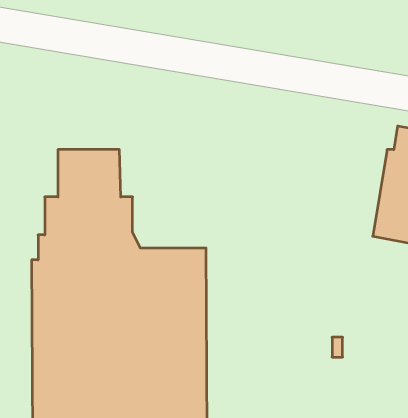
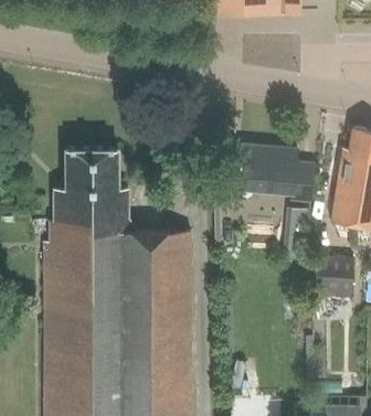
building: none -> [237,146,315,202]
building: none -> [314,255,354,299]

